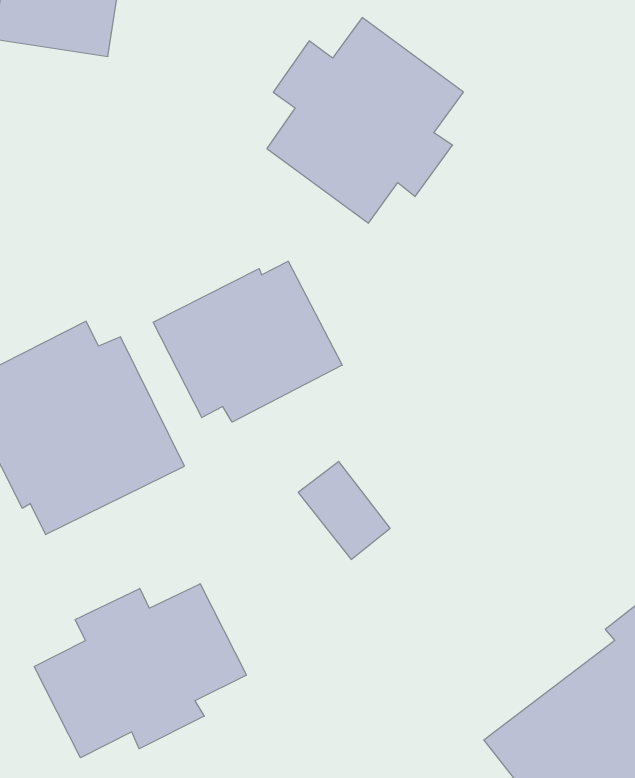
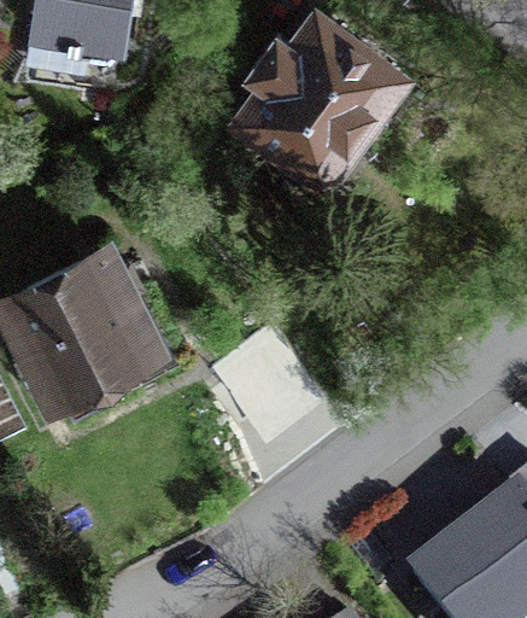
building: [153,261,342,422] -> none
building: [34,584,246,758] -> none

